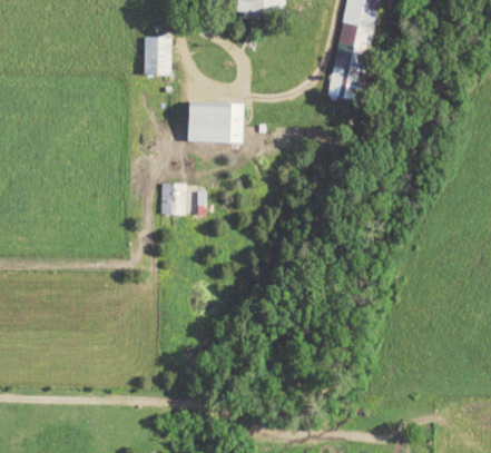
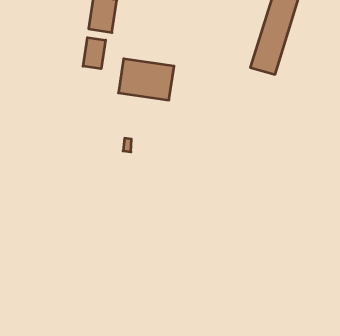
building: none -> [83,38,106,69]
building: [163,184,189,215] -> none

